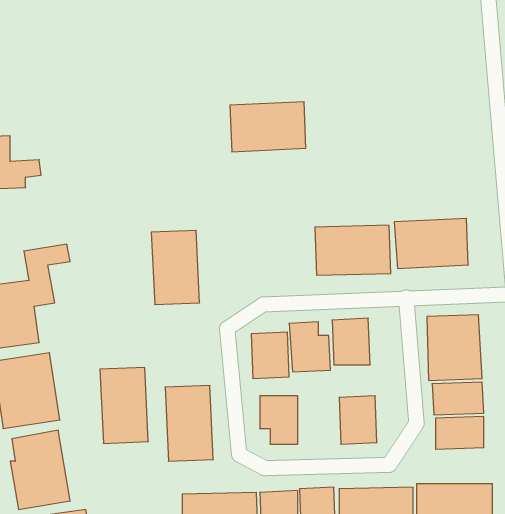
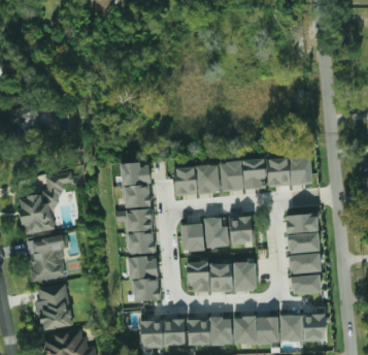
building: [230,102,306,152] -> [174,165,220,195]
building: [100,368,148,443] -> [126,208,155,254]
building: none -> [210,264,232,292]

